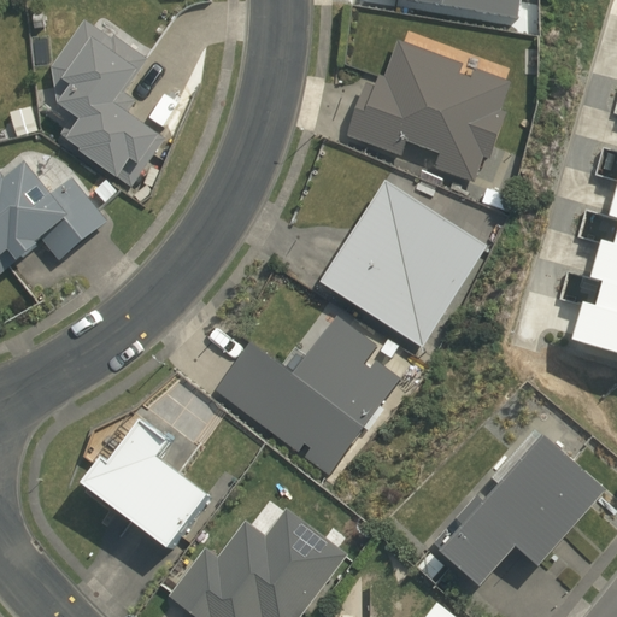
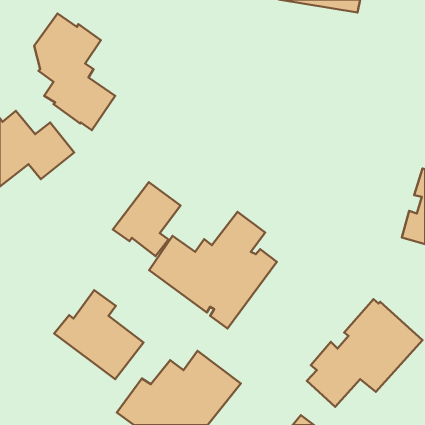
building: [346,41,512,182] -> none
building: [318,180,487,348] -> none
building: none -> [113,182,181,256]

